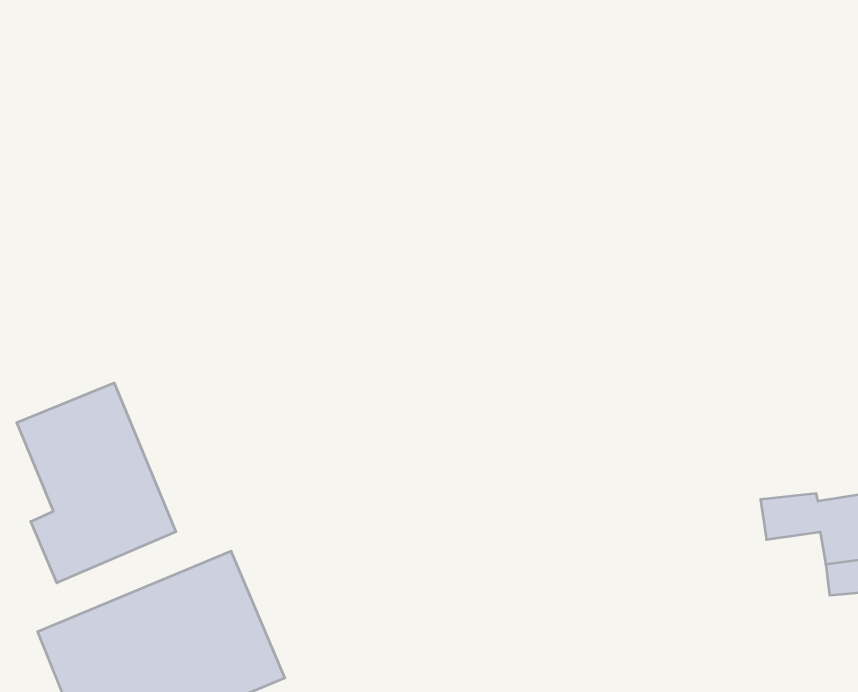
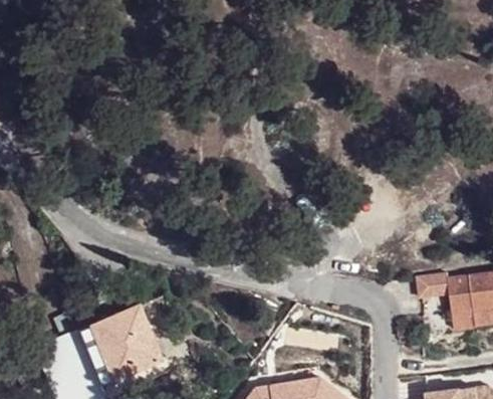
building: [17,383,176,583] -> none

